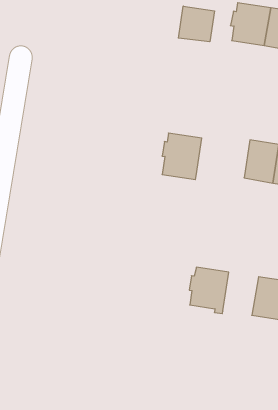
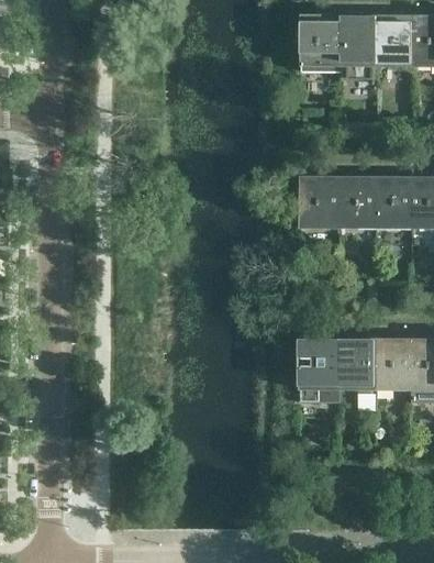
building: [178,6,214,42] -> none
building: [162,133,202,180] -> [293,178,337,229]
building: none -> [336,340,372,387]

